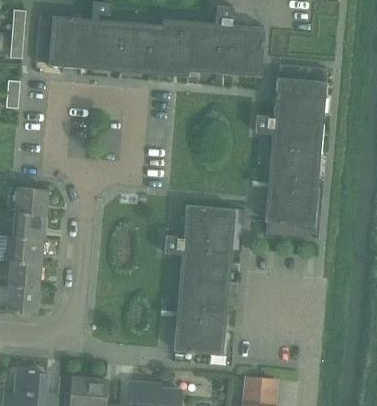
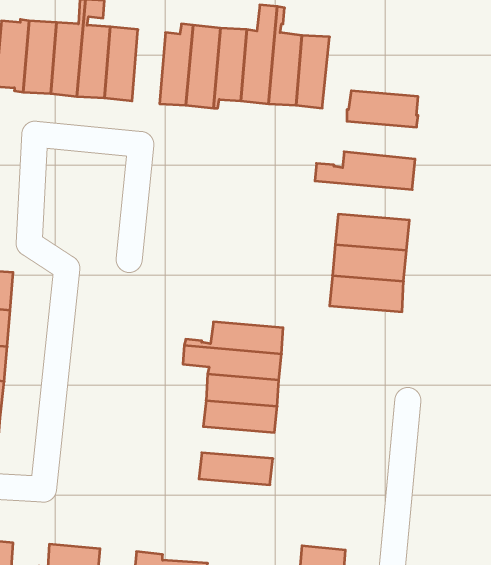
building: [129,23,152,74] -> none
building: [275,86,325,112] -> none
building: [255,127,322,154] -> none
building: [185,205,235,228] -> none
building: [265,213,315,238] -> none
building: [177,296,227,318] -> none
building: [174,332,224,355] -> none

